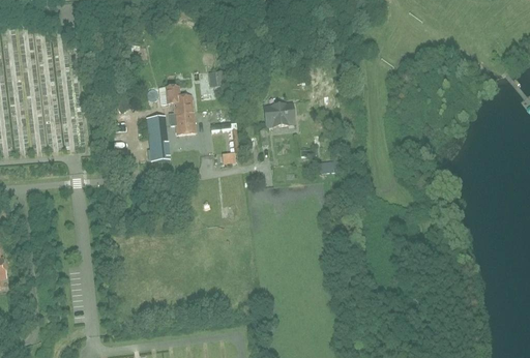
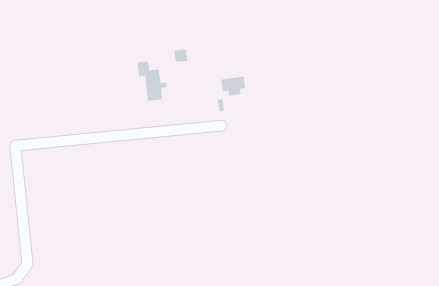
building: [147,116,170,160] -> none

